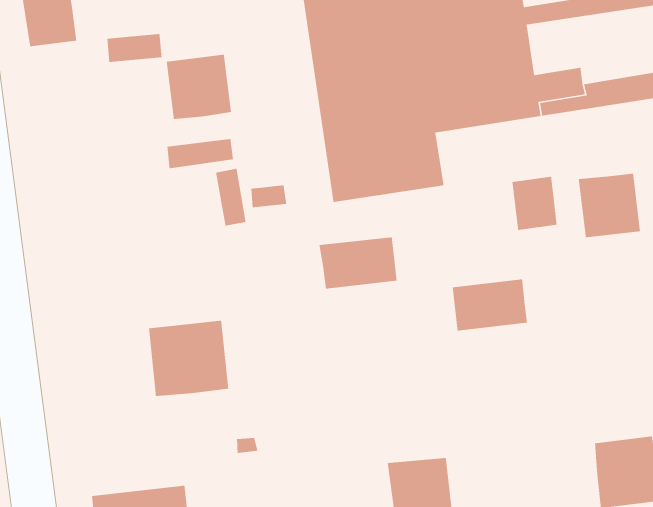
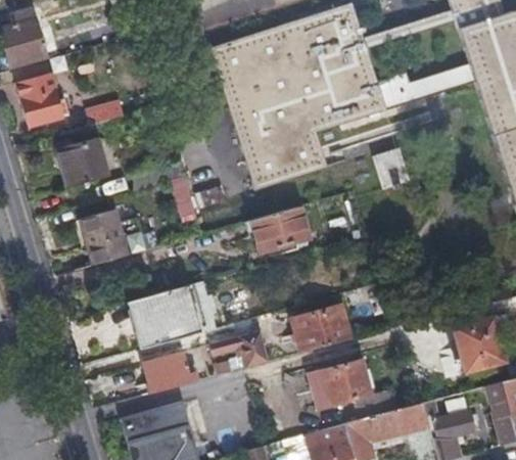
building: [166,54,232,120] -> [63,135,113,185]
building: [578,173,641,238] -> none
building: none -> [83,210,131,264]
building: [452,278,528,331] -> [292,306,347,349]
building: none -> [216,327,267,365]
building: none -> [143,349,198,389]

